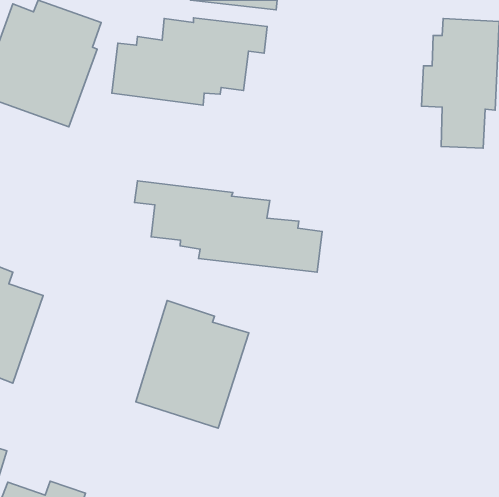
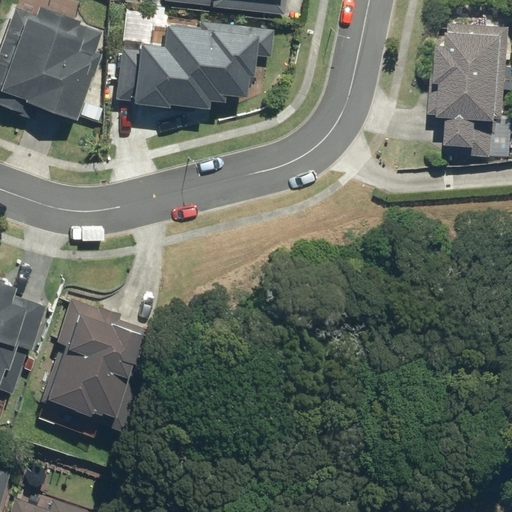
building: [134,181,322,272] -> none
building: [136,301,249,428] -> [38,298,153,428]

